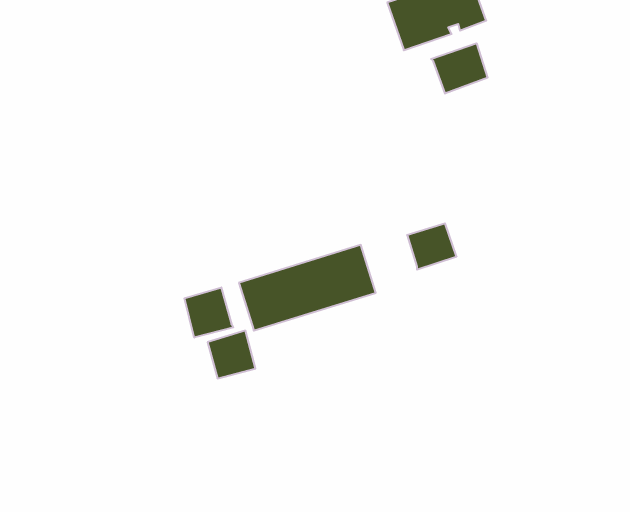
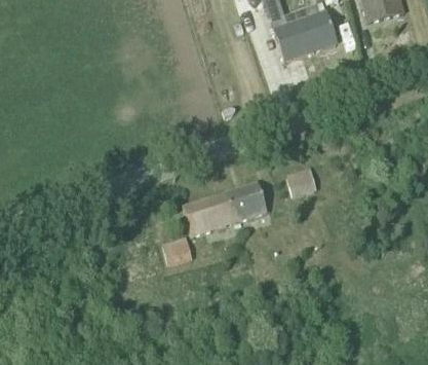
building: [431,43,488,94] -> none
building: [184,287,233,338] -> none

